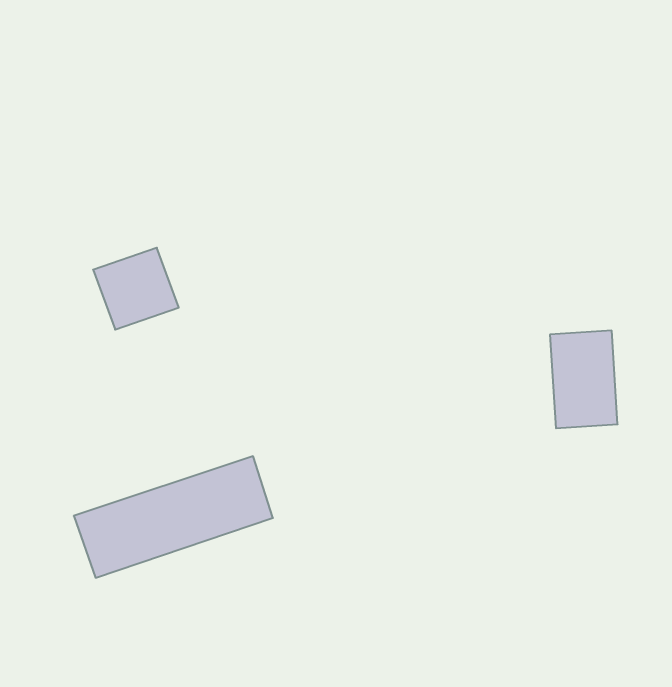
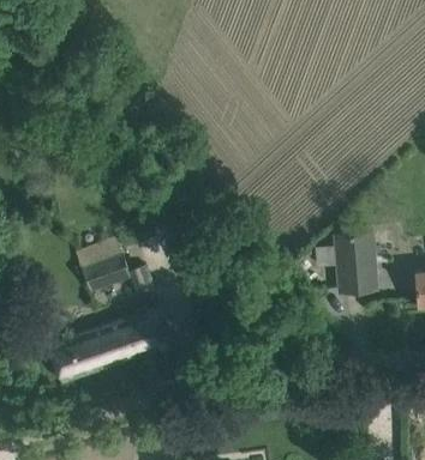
building: [93,248,179,330] -> [78,242,130,291]

